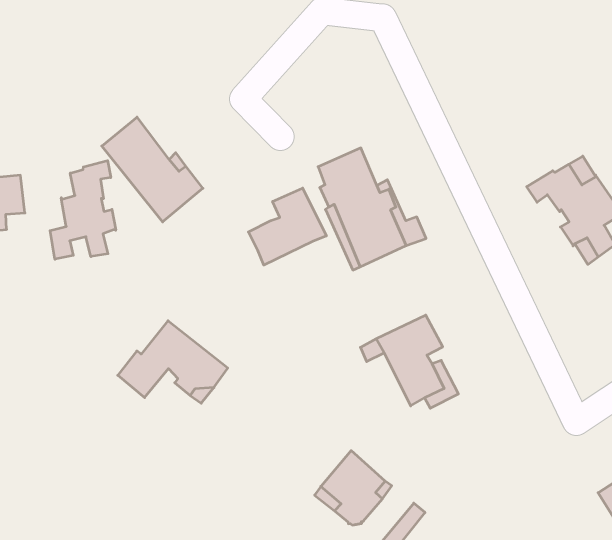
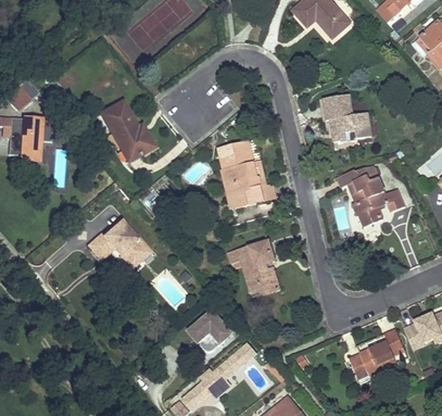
building: none -> [323,93,370,142]
building: [50,161,116,259] -> none
building: [248,188,326,265] -> none

